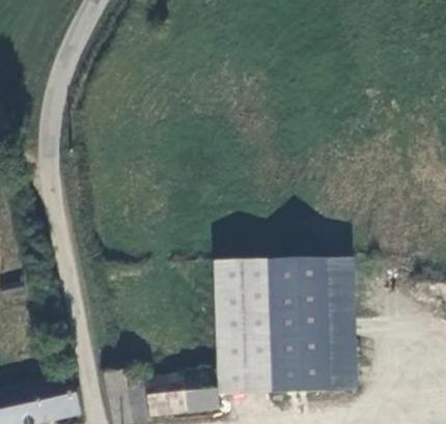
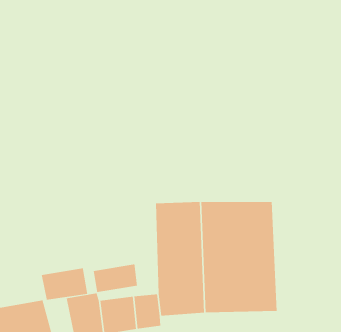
building: none -> [93,263,137,293]
building: none -> [41,267,88,300]

